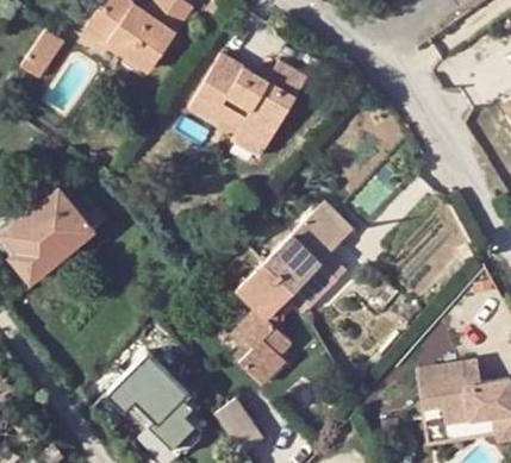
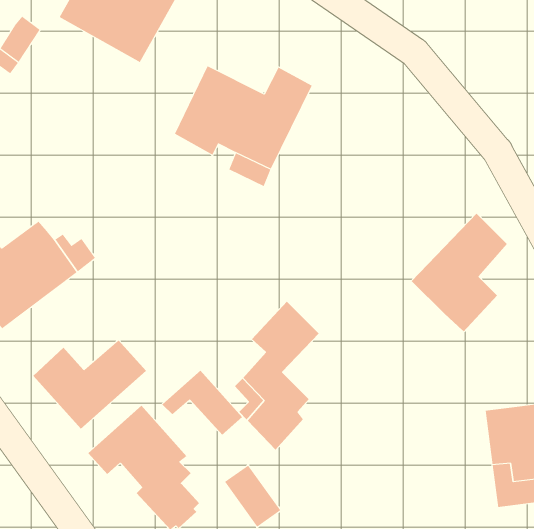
building: [269,206,350,306] -> [411,213,508,332]
building: none -> [32,339,147,430]
building: none -> [162,370,243,436]

